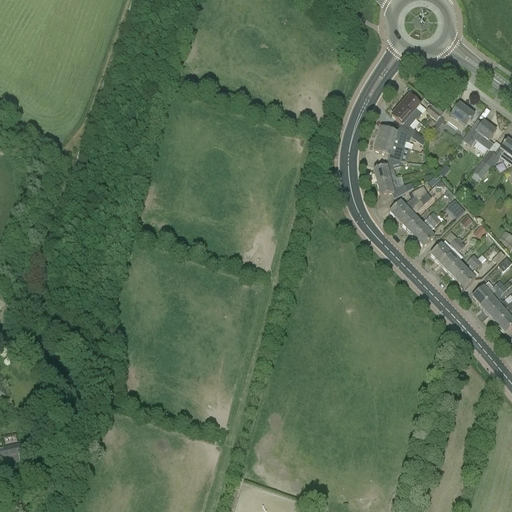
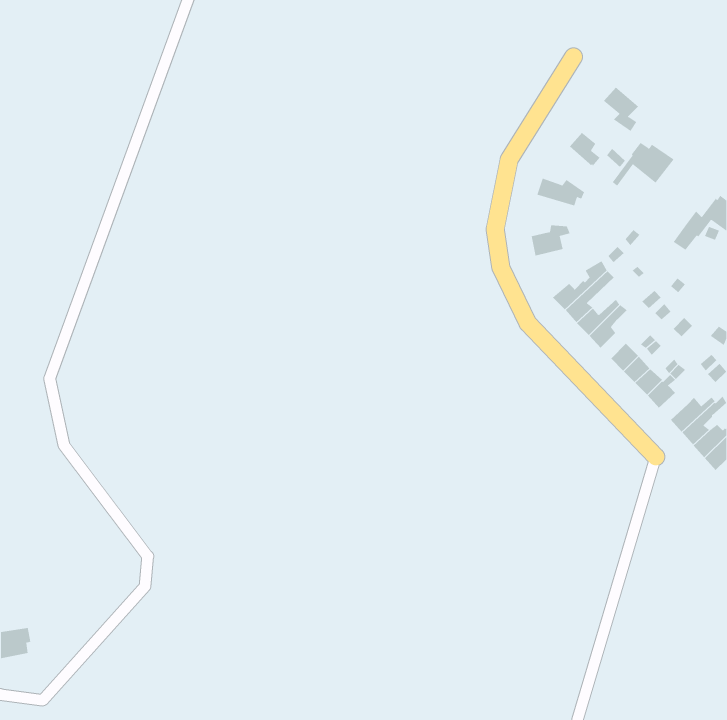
building: [391,103,416,135] -> [603,87,639,132]
building: [462,119,495,148] -> none
building: [374,137,404,159] -> none
building: [376,175,413,196] -> none

